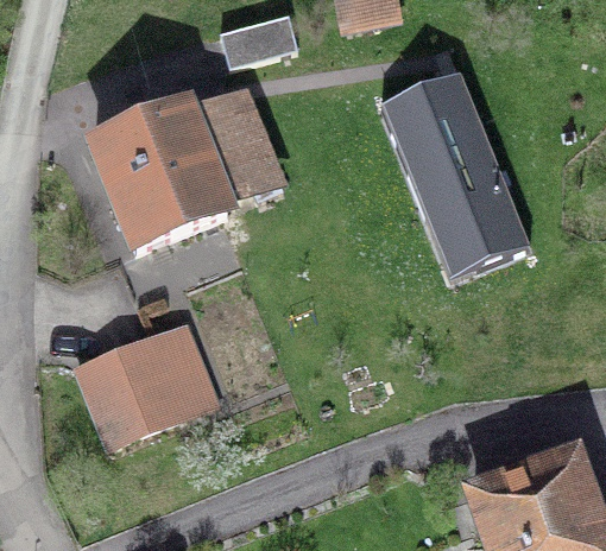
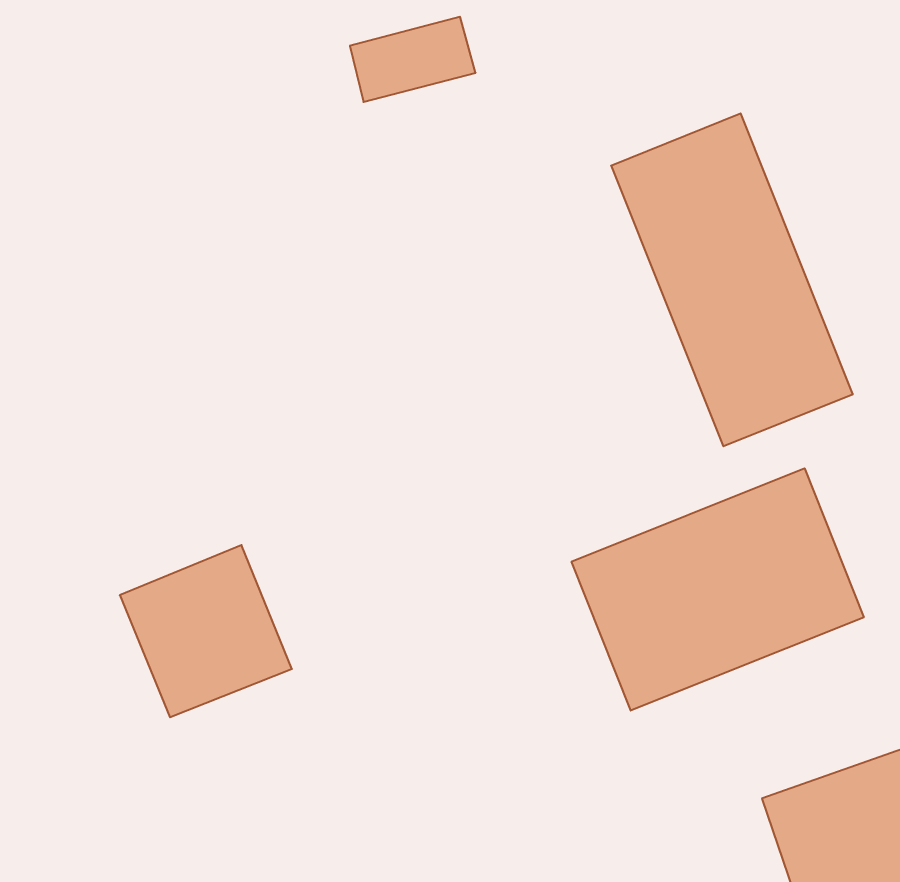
building: [94,97,267,247] -> none
building: none -> [572,468,864,711]

